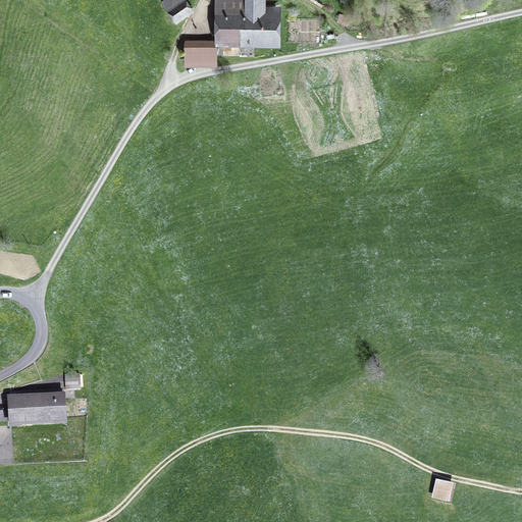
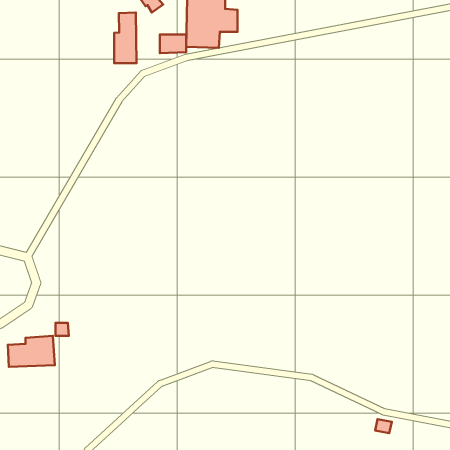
building: none -> [114,13,137,63]

